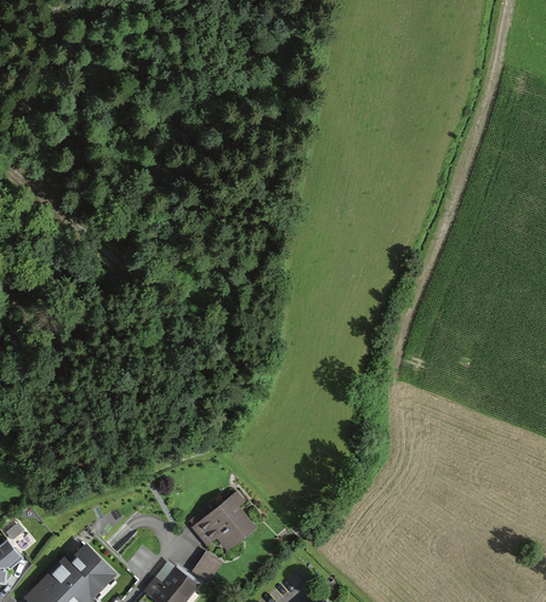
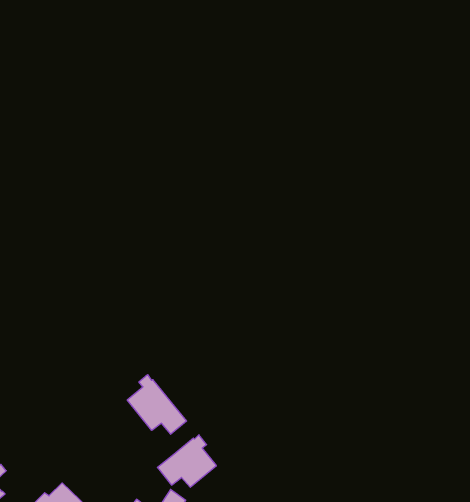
building: none -> [127,375,187,434]

